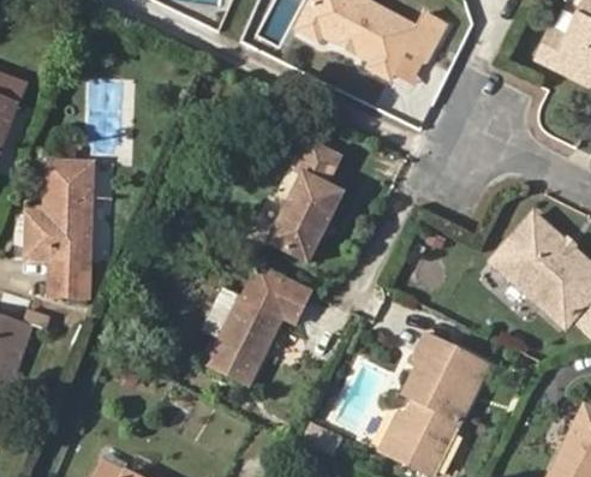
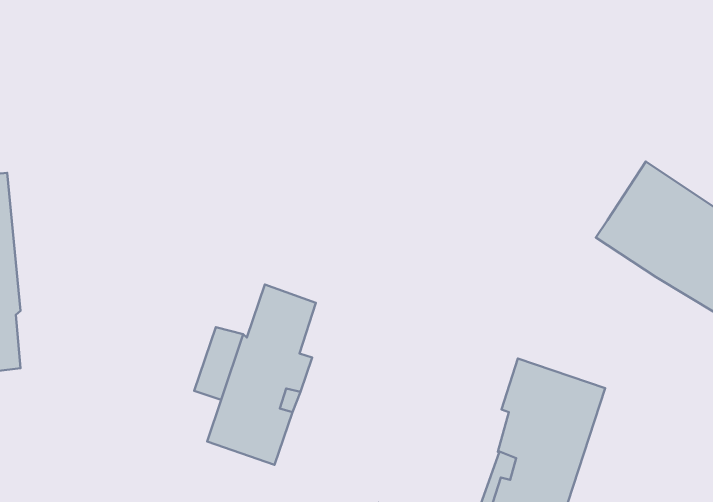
building: [271,136,347,257] -> none

